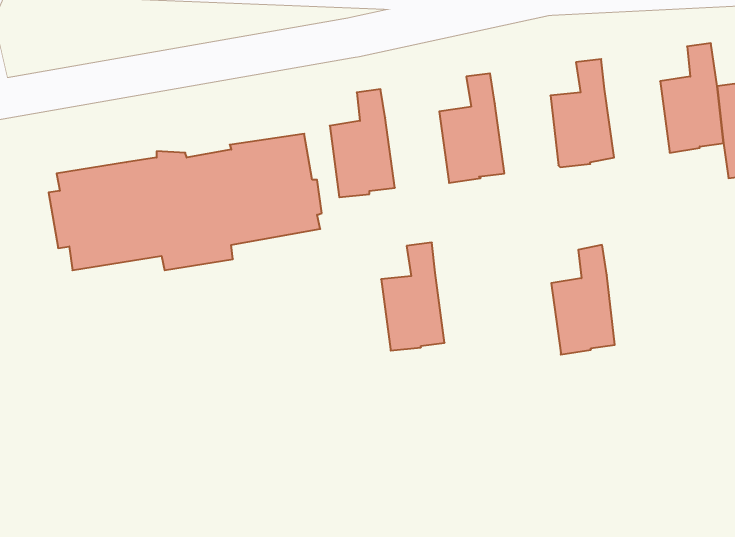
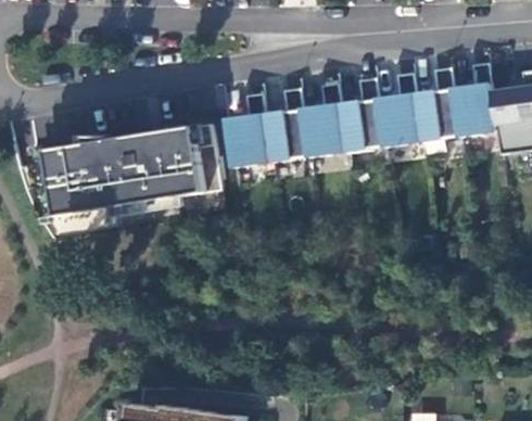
building: none -> [417,67,461,142]
building: [381,243,445,351] -> [267,88,311,162]
building: [551,245,615,355] -> [342,77,385,152]

